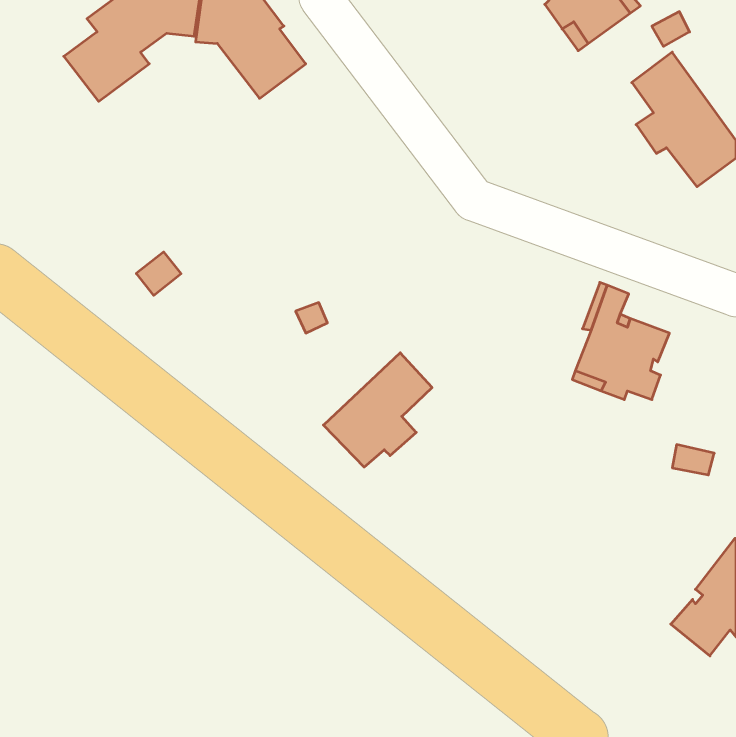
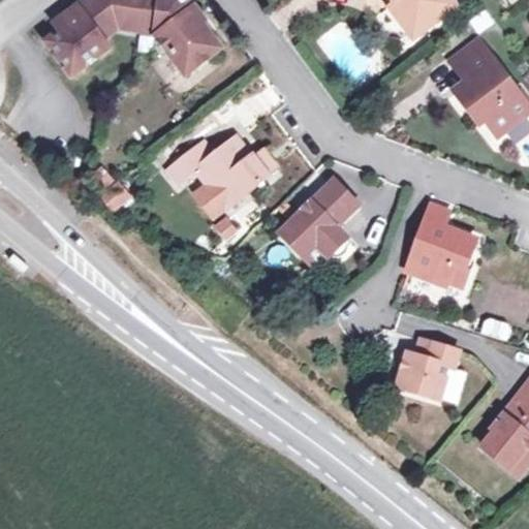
building: none -> [165,134,268,209]
building: [323,353,432,467] -> [281,180,359,261]
building: none -> [396,338,460,401]

